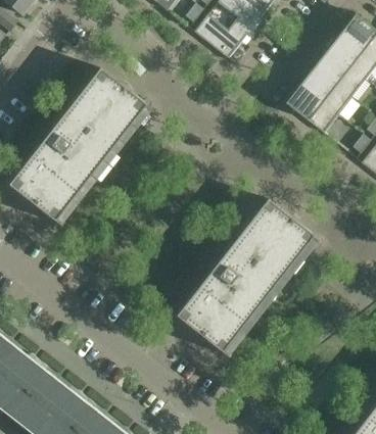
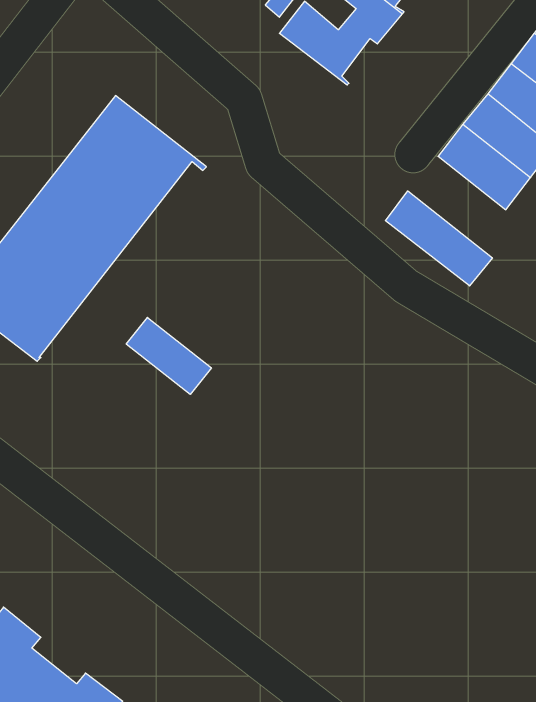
building: none -> [385,191,492,286]
building: none -> [126,317,211,394]
building: [176,198,320,351] -> none

